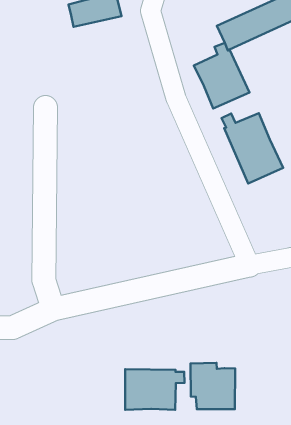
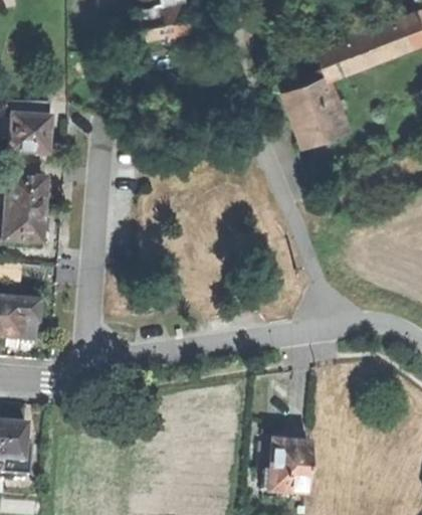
building: [222,113,283,183] -> none
building: [125,369,184,410] -> none

